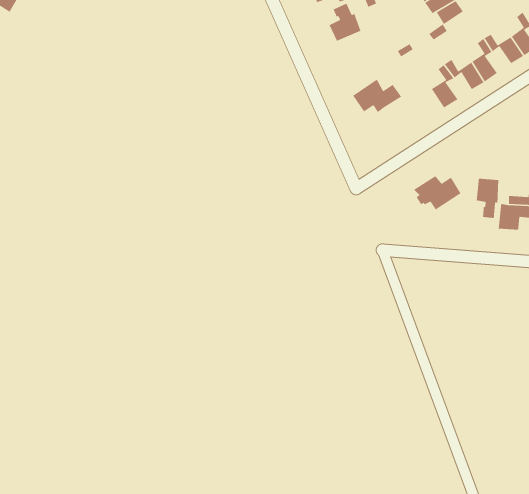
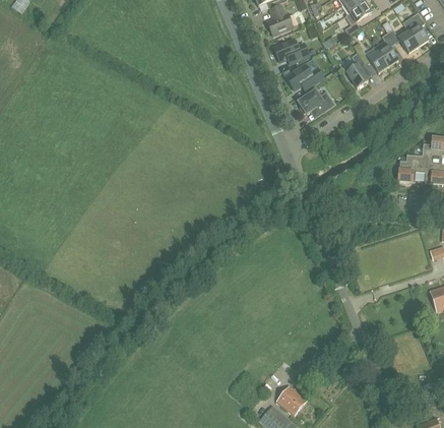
building: none -> [272,38,308,63]
building: [413,175,462,210] -> [297,89,334,117]
building: [476,178,499,219] -> none

